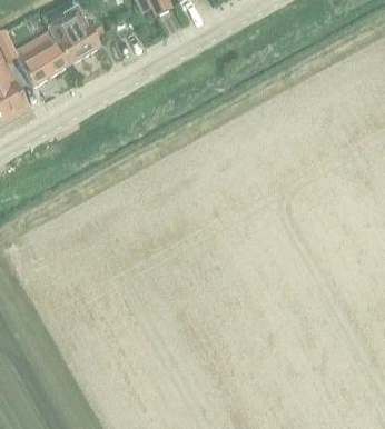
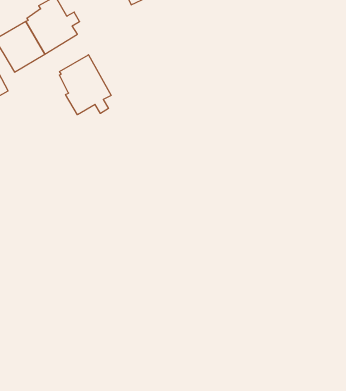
building: none -> [59,55,111,115]

